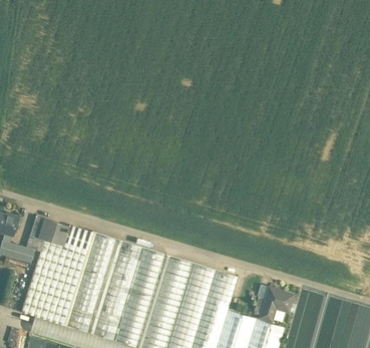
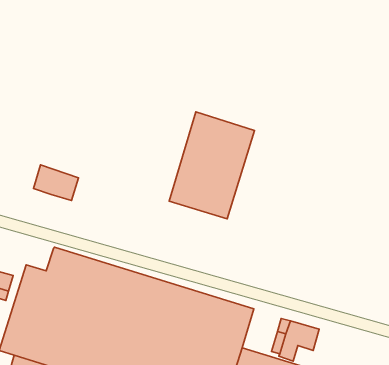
building: none -> [169,112,255,219]
building: [30,215,68,245] -> [33,165,79,200]

